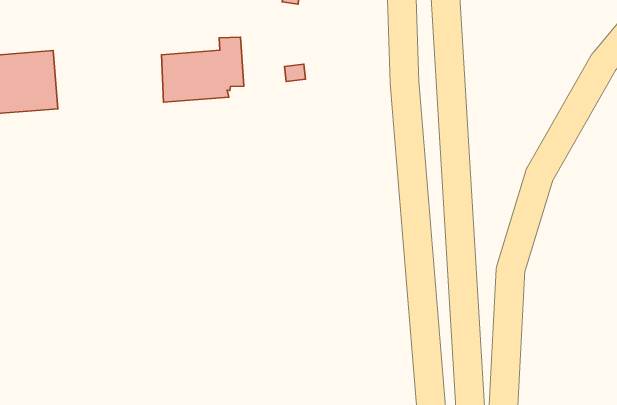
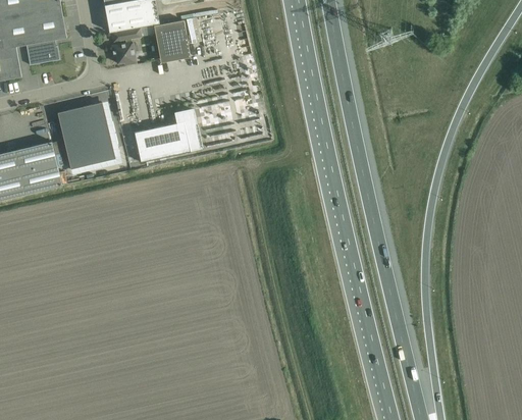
building: none -> [57,101,114,168]

